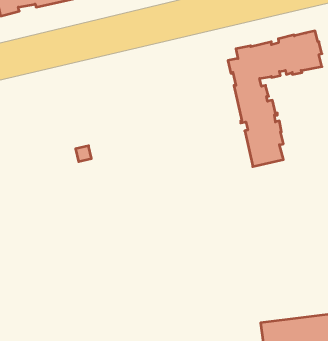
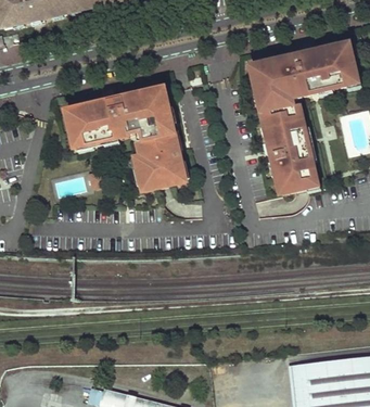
building: none -> [65,91,184,191]

